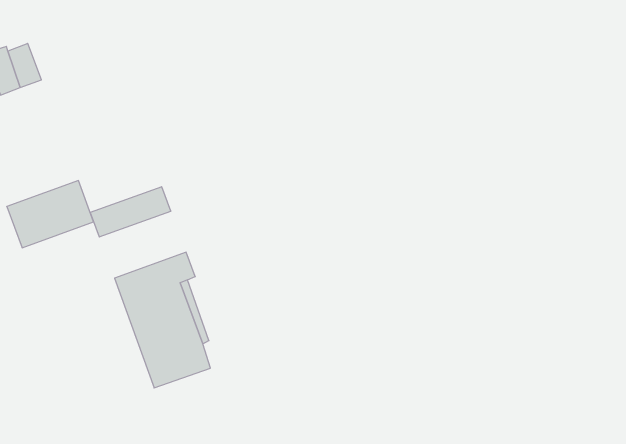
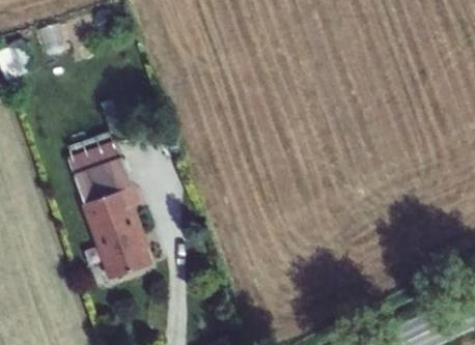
building: [7,181,94,248] -> [72,157,131,203]

